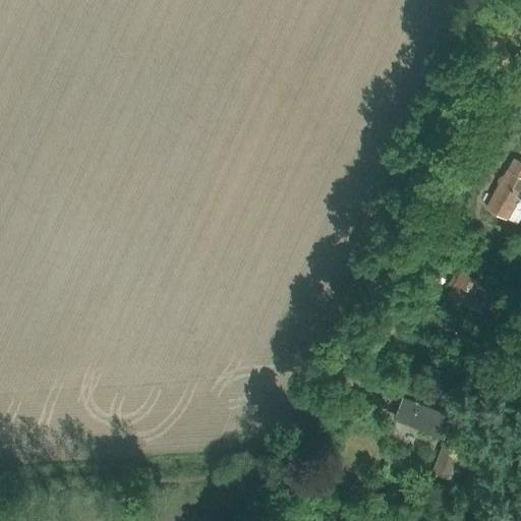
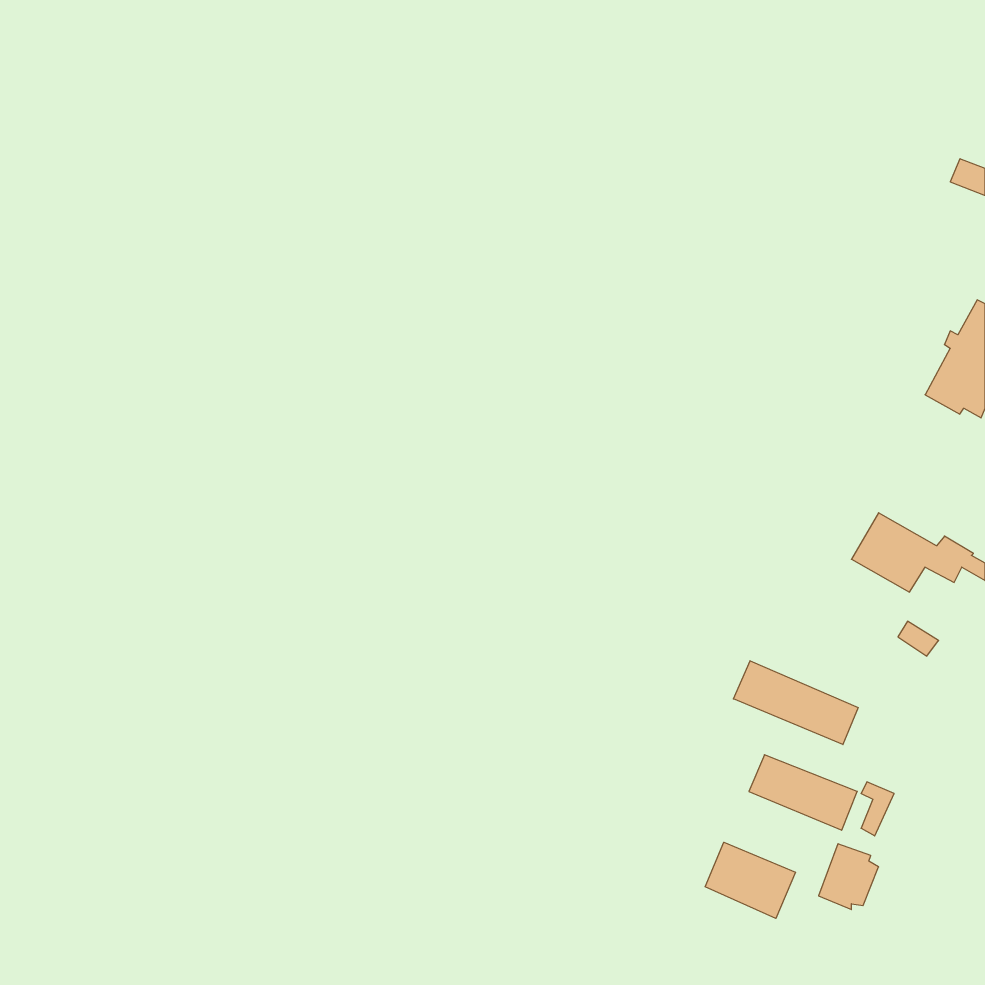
building: none -> [733,661,858,745]
building: none -> [705,842,796,918]

